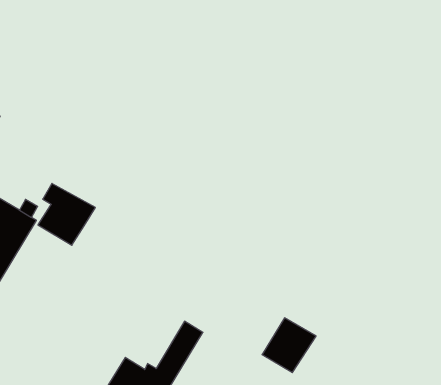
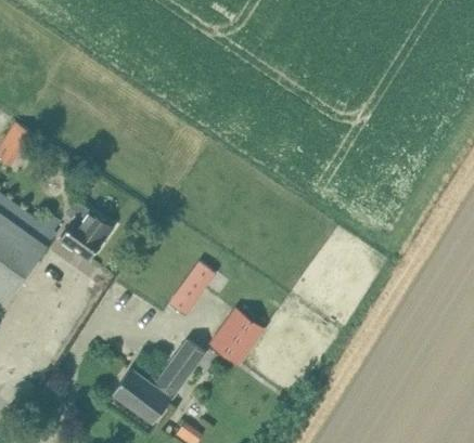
building: none -> [168,262,215,315]
building: [262,318,316,373] -> [209,312,261,364]

